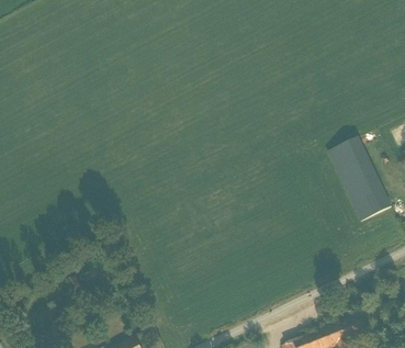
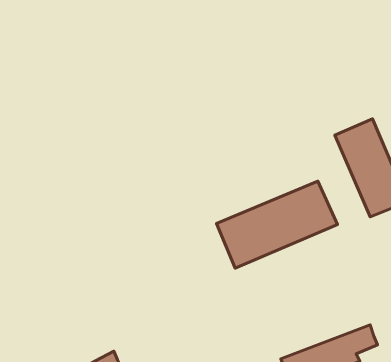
building: none -> [216,181,338,268]

